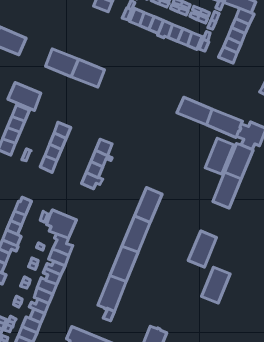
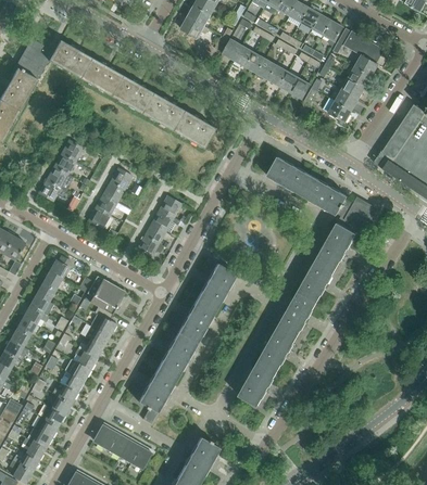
building: none -> [173,110,215,148]
building: [8,83,41,111] -> [79,58,122,95]
building: [205,138,234,174] -> [278,291,317,336]
building: [202,267,230,303] -> [238,360,277,406]

